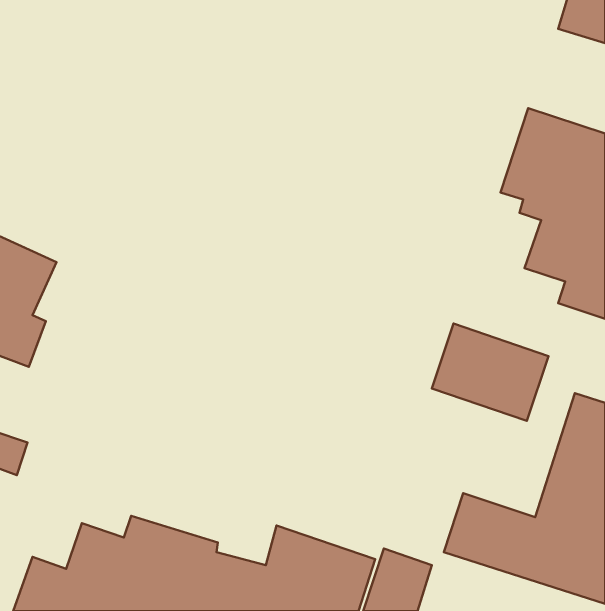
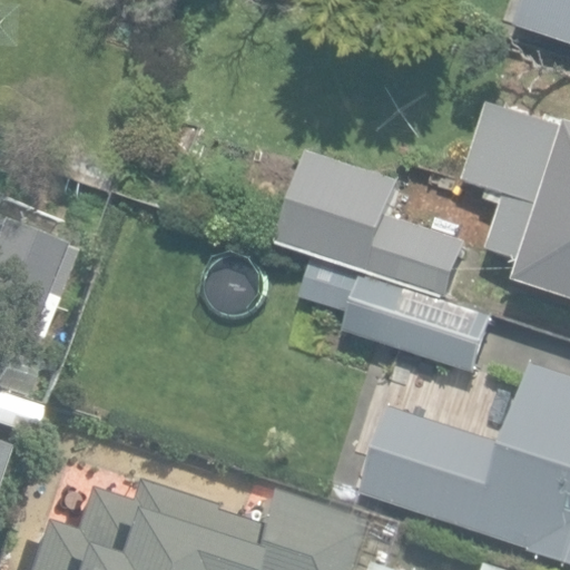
building: none -> [275,150,464,295]

